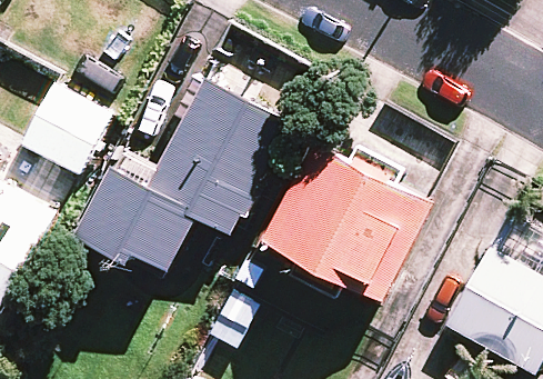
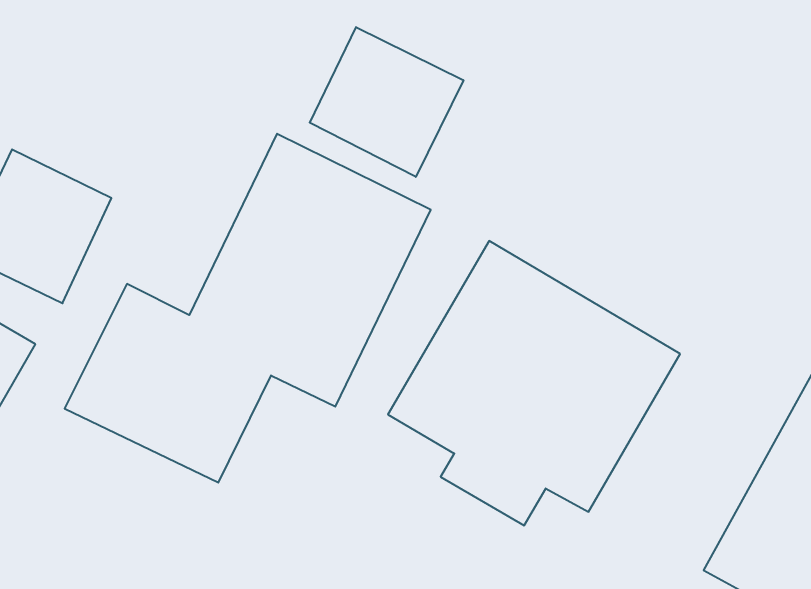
building: none -> [310,27,463,177]

